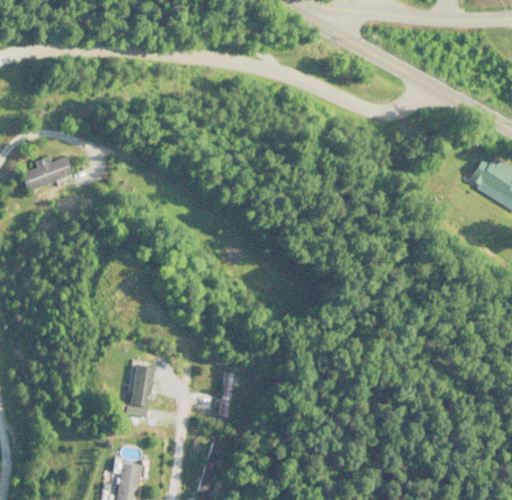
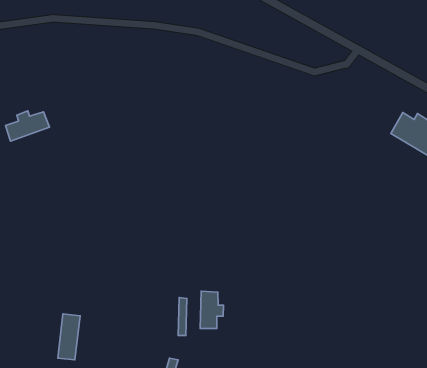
building: [128,364,154,417] -> [58,314,80,360]
building: none -> [200,291,224,329]

